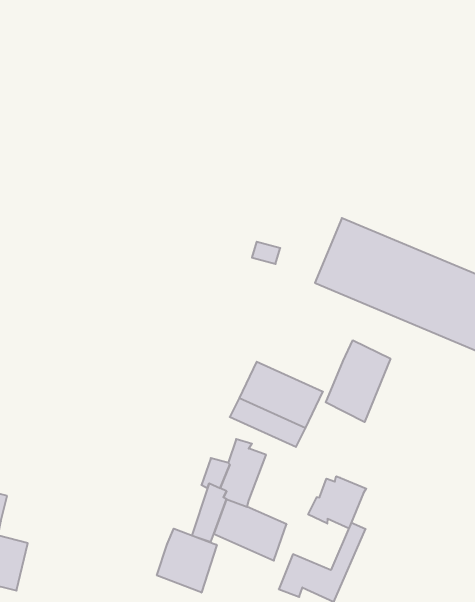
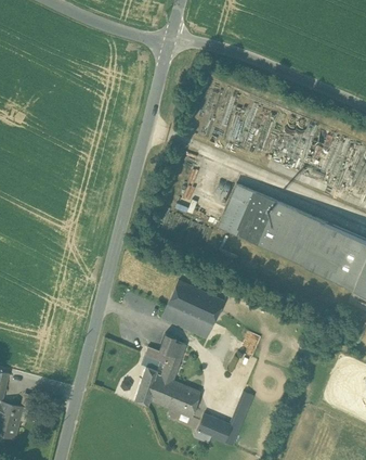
building: [326,340,390,422] -> none
building: [308,476,366,528] -> none
building: [157,529,217,593] -> none

